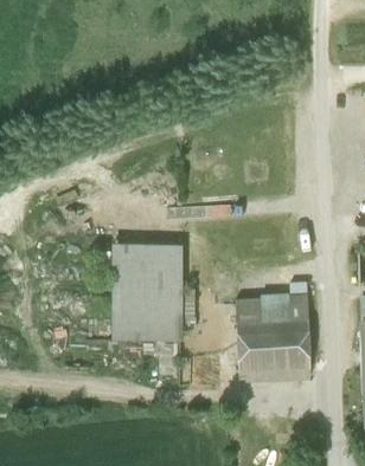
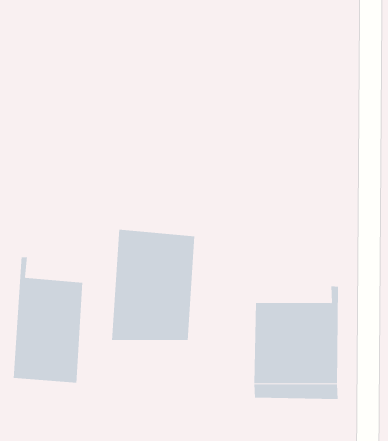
building: none -> [13,256,83,383]

